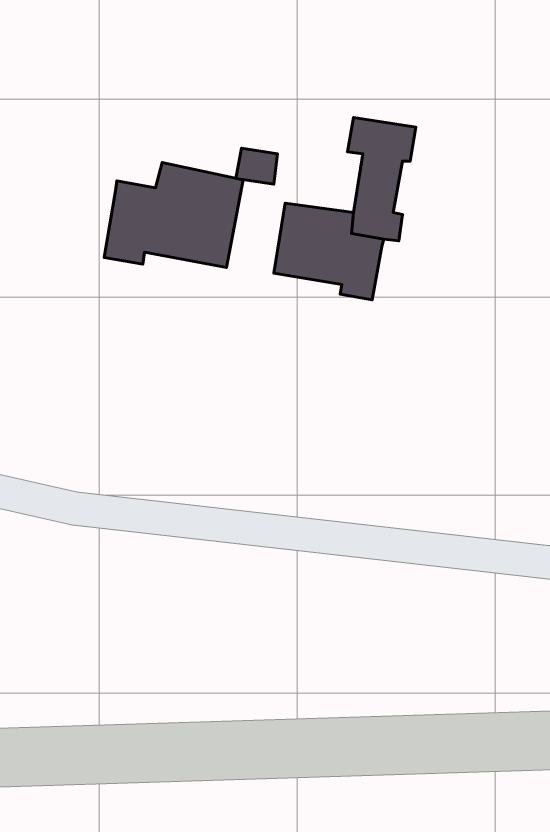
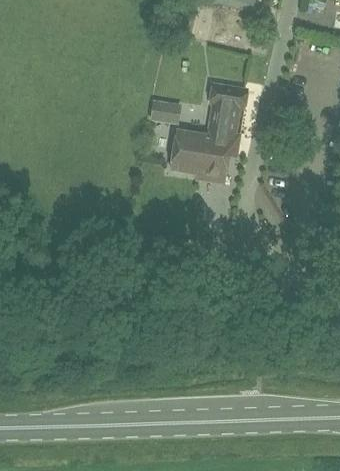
building: [104,162,243,268] -> none

